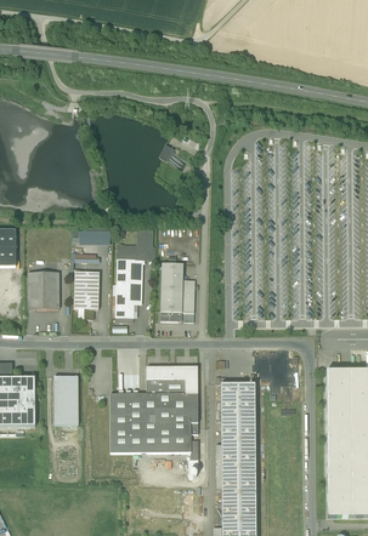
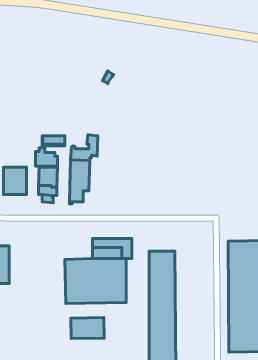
building: [160,262,194,320] -> none
building: [53,375,79,423] -> none
building: none -> [71,318,104,339]

